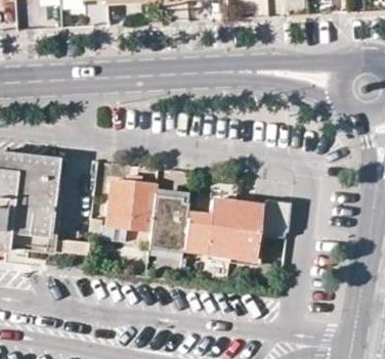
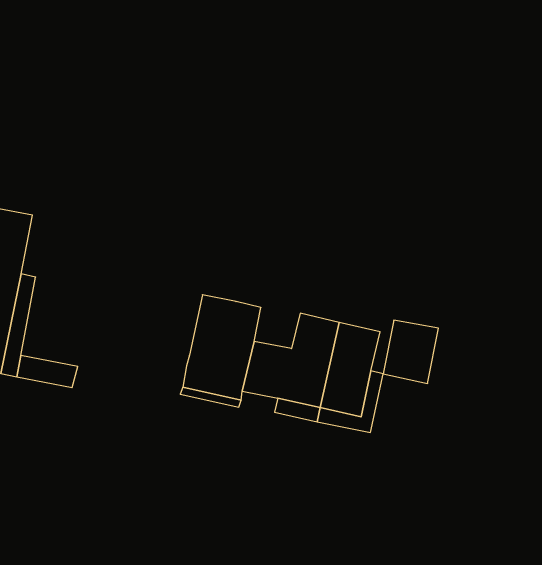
building: [88,180,156,241] -> none

